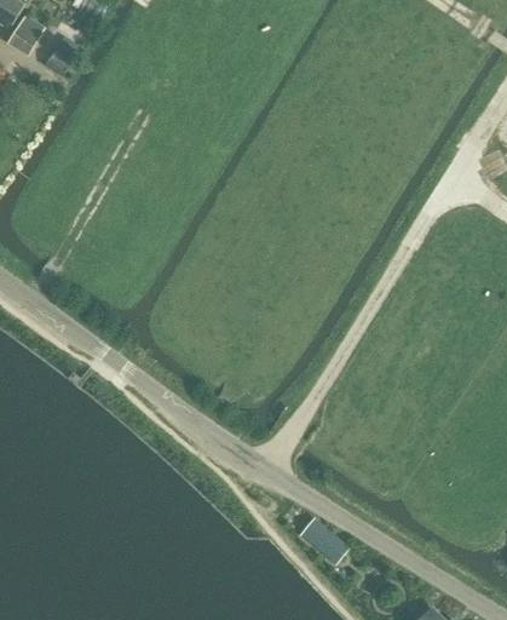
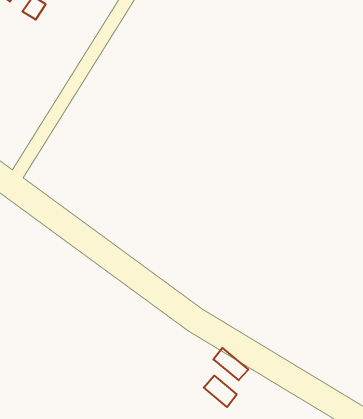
building: none -> [204,376,237,407]

